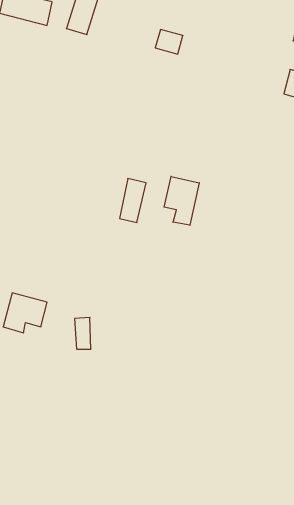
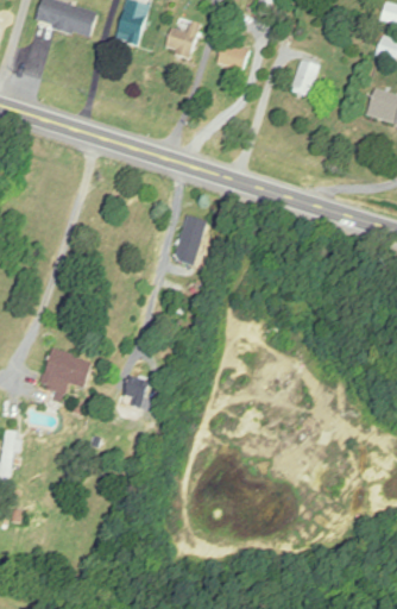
building: none -> [166,17,200,58]
building: none -> [291,59,319,96]
building: [164,176,199,225] -> none

